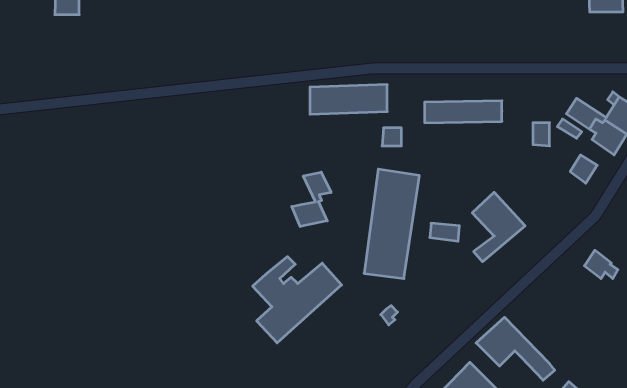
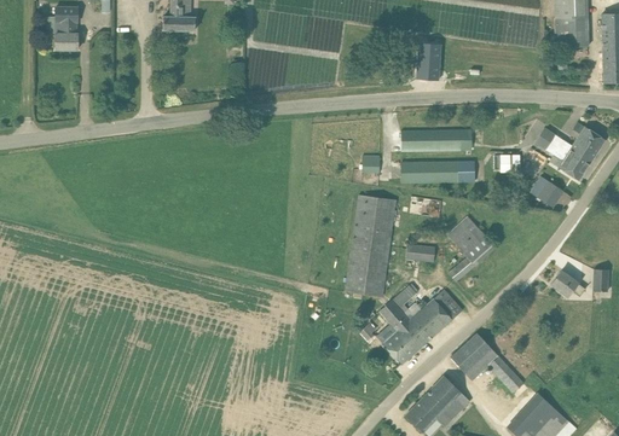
building: none -> [416,42,440,81]
building: [310,85,387,114] -> [401,156,474,184]
building: [292,172,331,227] -> none
building: [253,257,342,343] -> [378,284,462,365]

